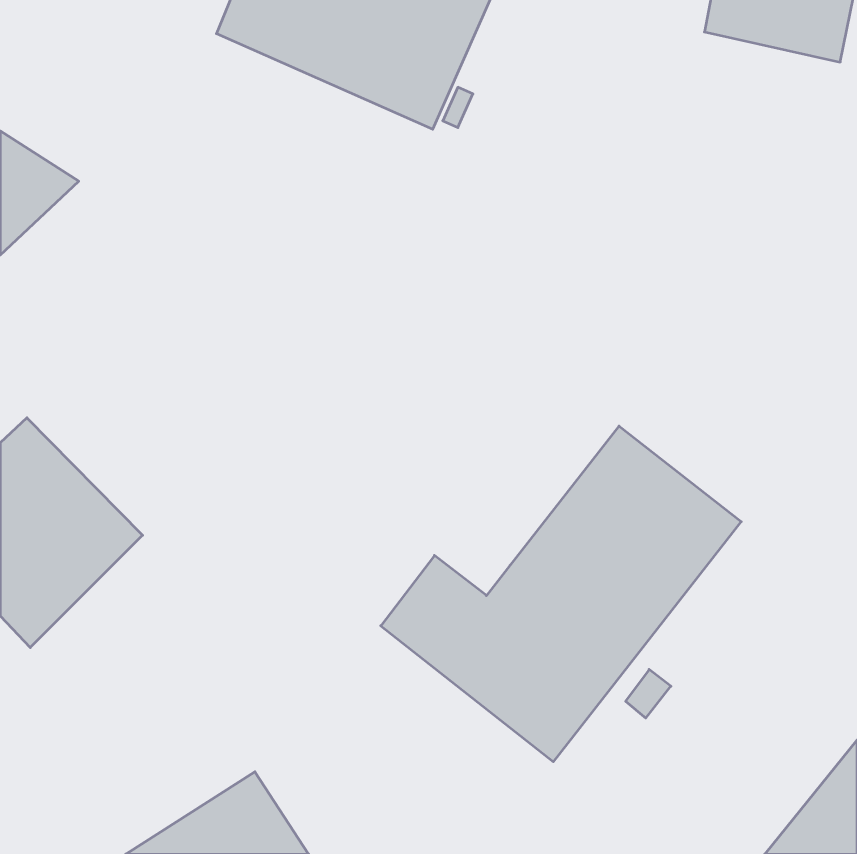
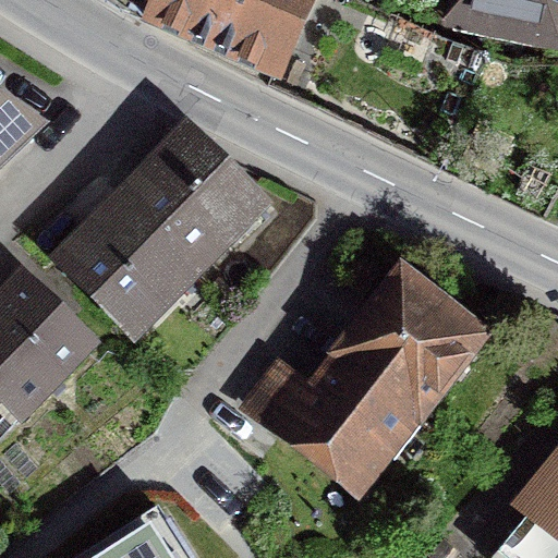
building: none -> [64,135,259,332]

